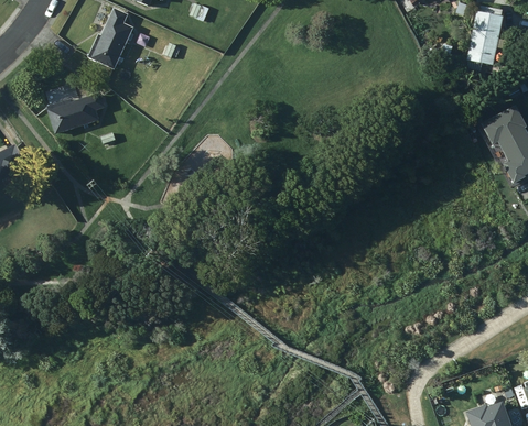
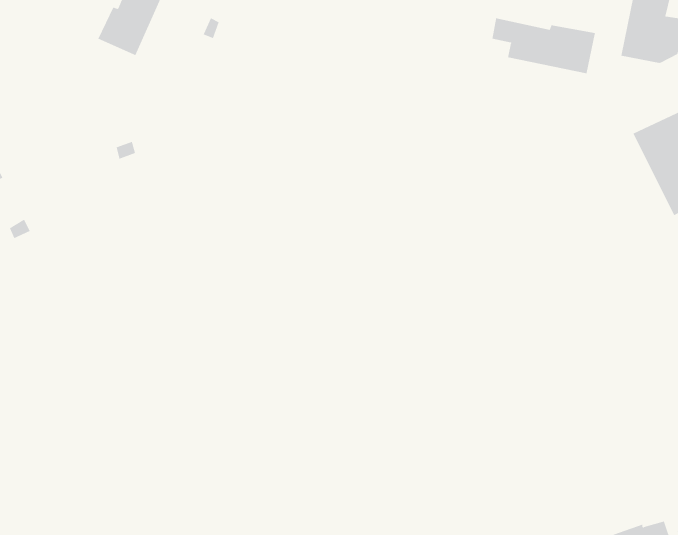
building: none -> [492,17,595,74]
building: [47,90,107,133] -> none

